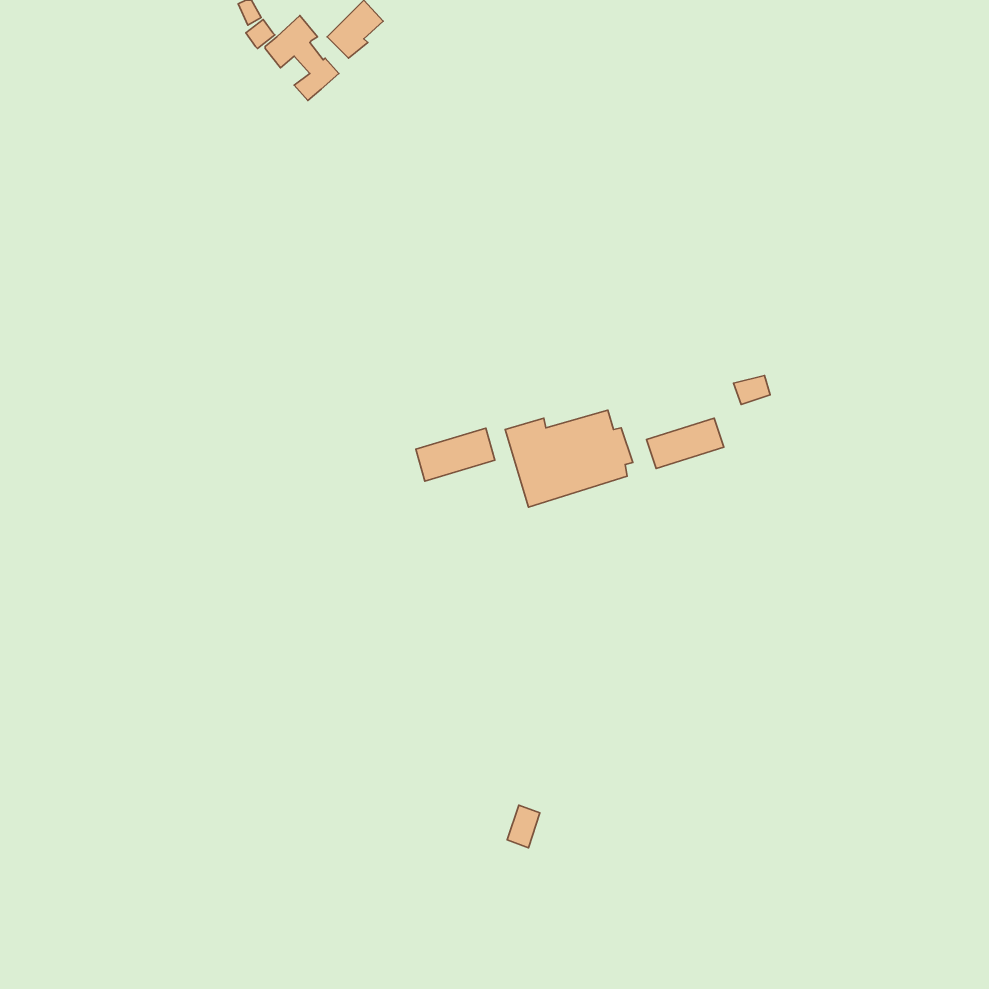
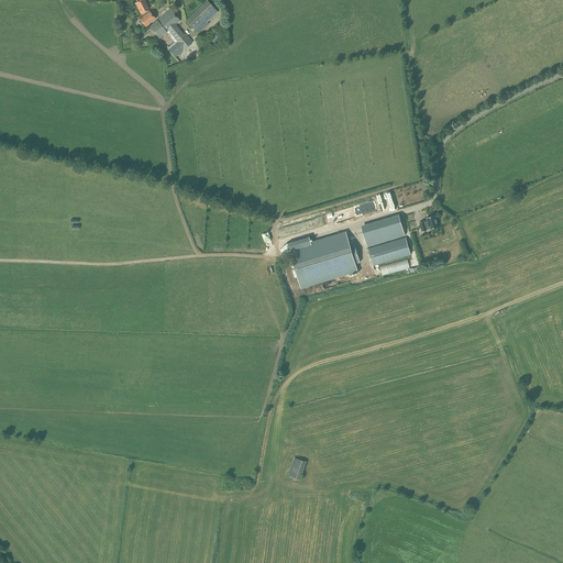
building: none -> [361,217,405,246]
building: [416,428,495,481] -> none

